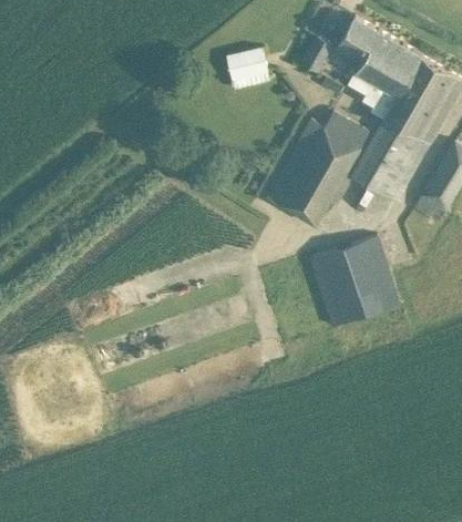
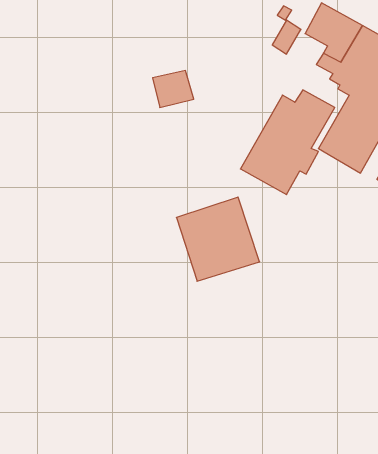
building: [228,50,273,90] -> [153,71,194,107]
building: [311,236,401,327] -> [176,197,260,281]

